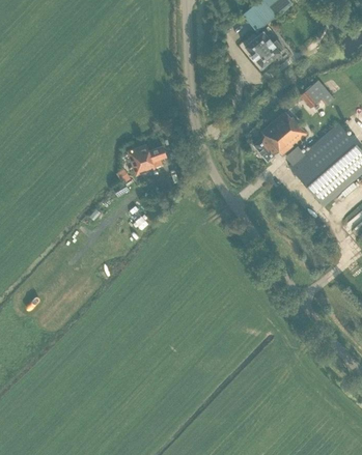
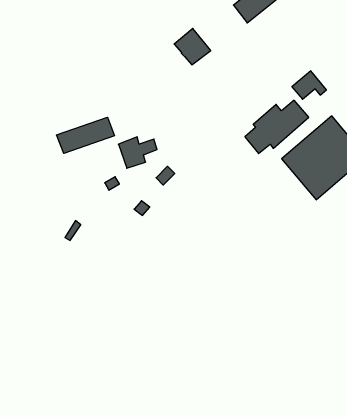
building: [245,32,281,68] -> [174,28,211,65]
building: none -> [57,117,114,153]

